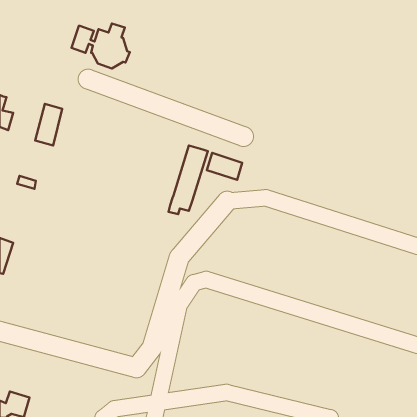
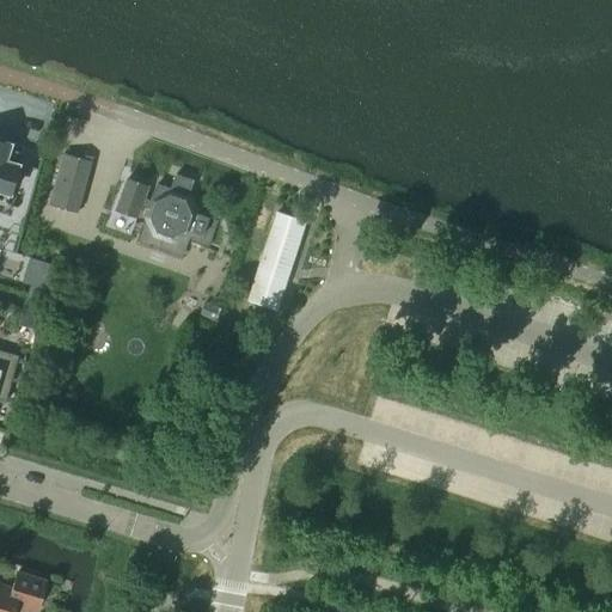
building: [72,23,130,68] -> [117,176,202,241]
building: [207,153,242,180] -> none

